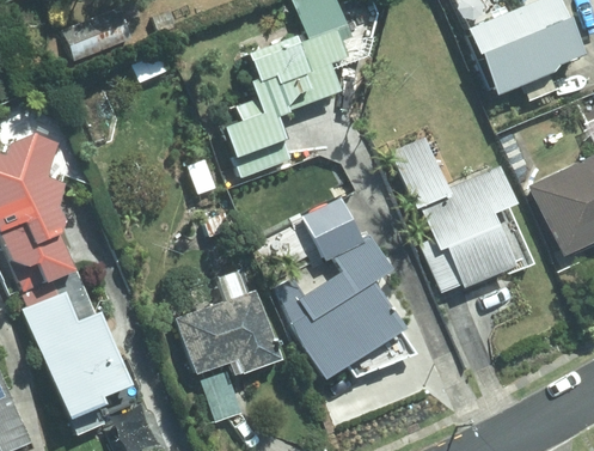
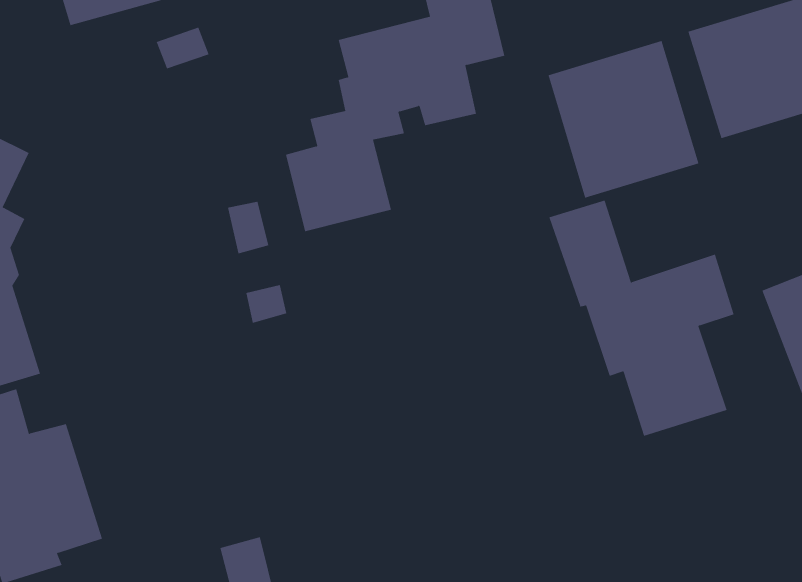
building: none -> [548,40,699,199]
building: [277,199,404,378] -> none
building: [178,290,281,373] -> none

